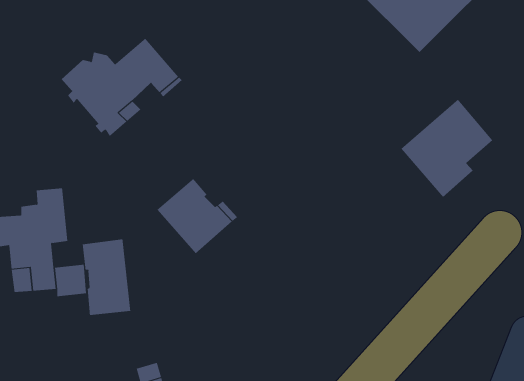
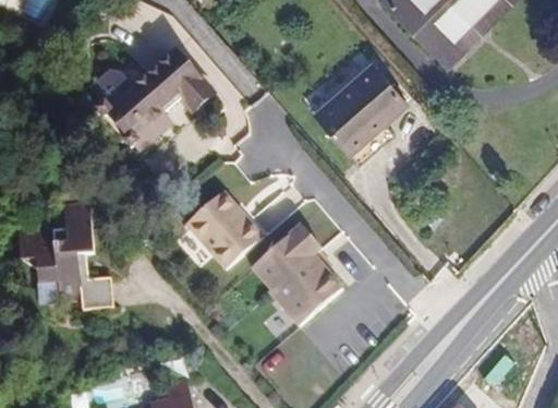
building: [401,99,493,198] -> [315,62,408,161]
building: none -> [250,223,340,323]
building: [82,239,131,316] -> none

